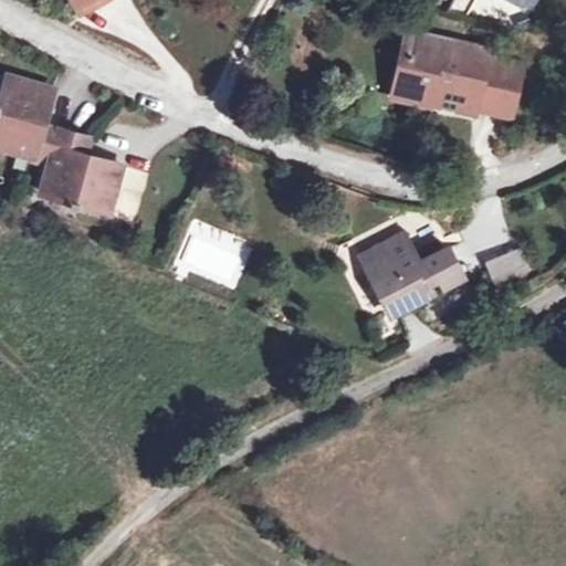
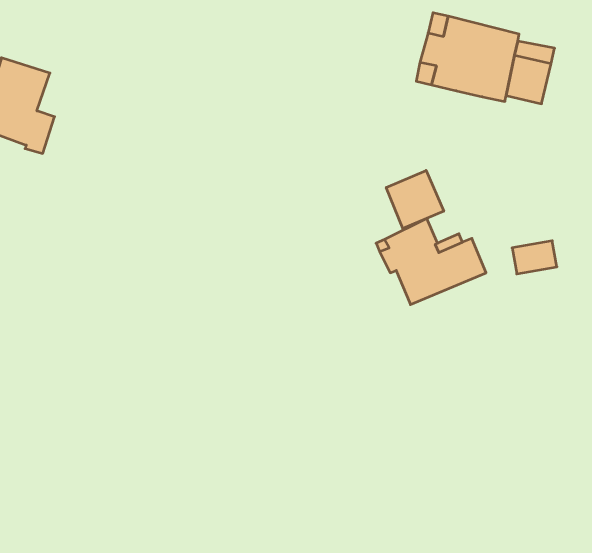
building: [38,130,119,212] -> none
building: none -> [386,170,444,229]

